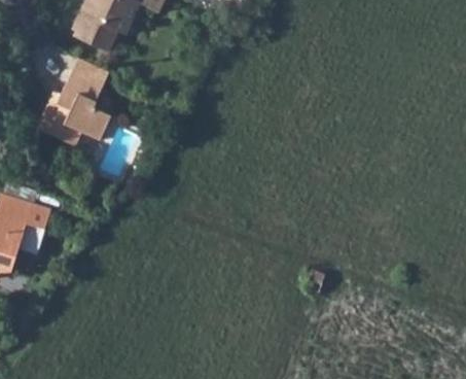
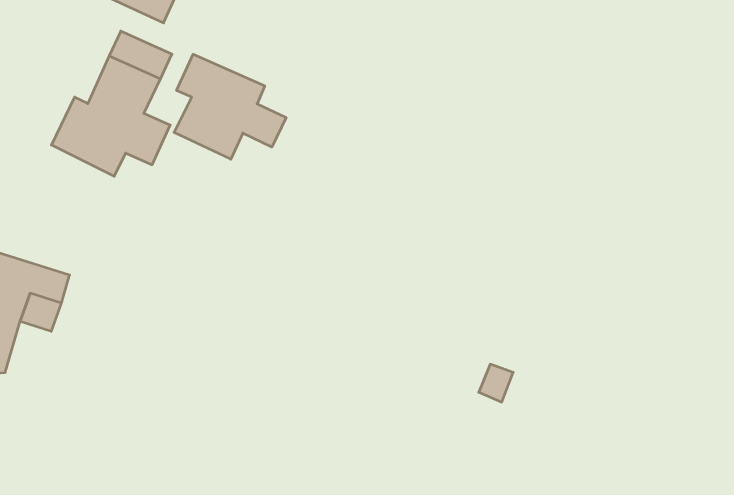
building: none -> [174,54,286,159]

